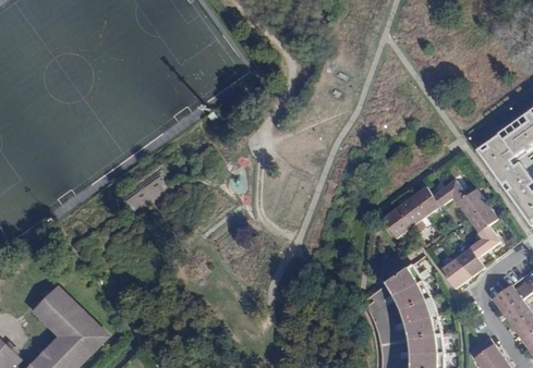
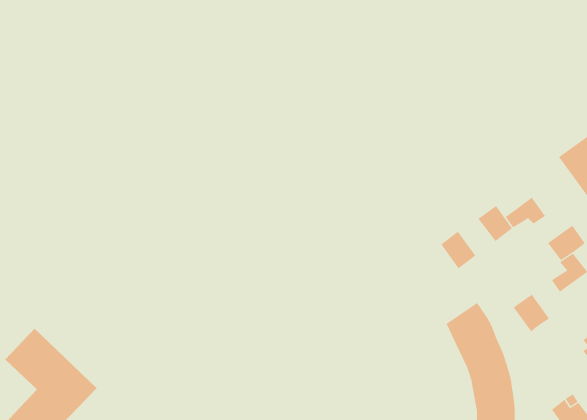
building: [456,188,486,218] -> none
building: [396,198,425,228] -> none
building: [455,247,484,278] -> none

